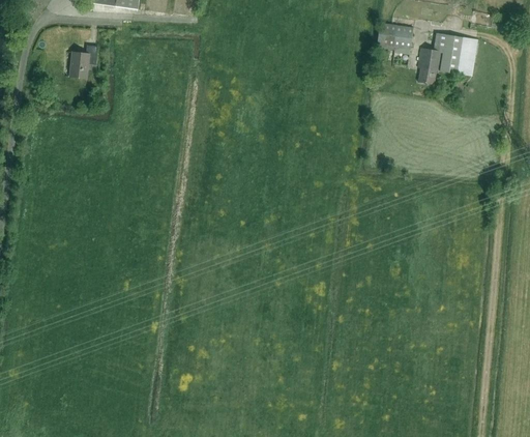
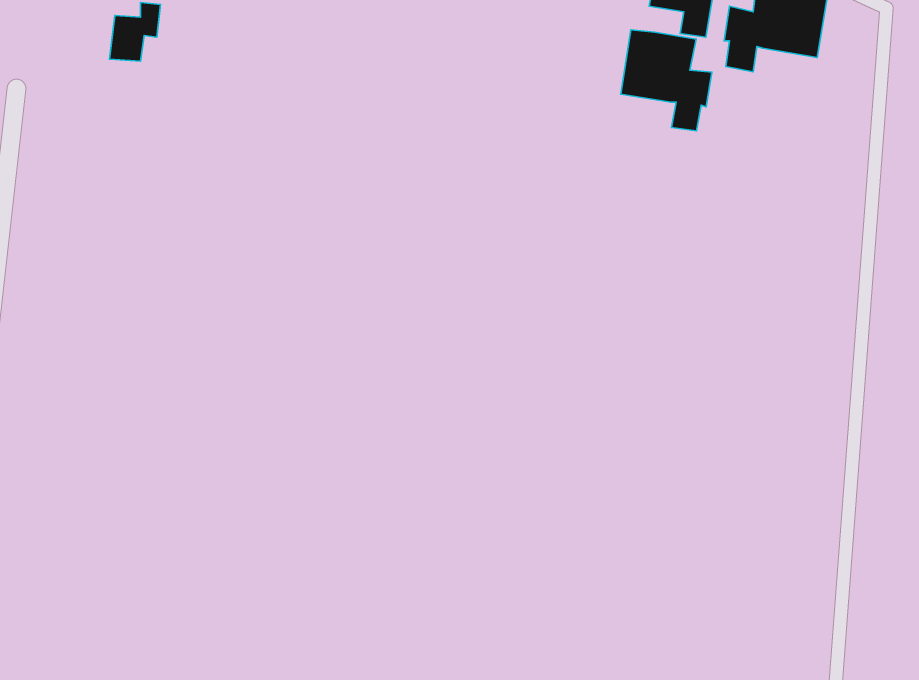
building: none -> [621,30,712,131]

